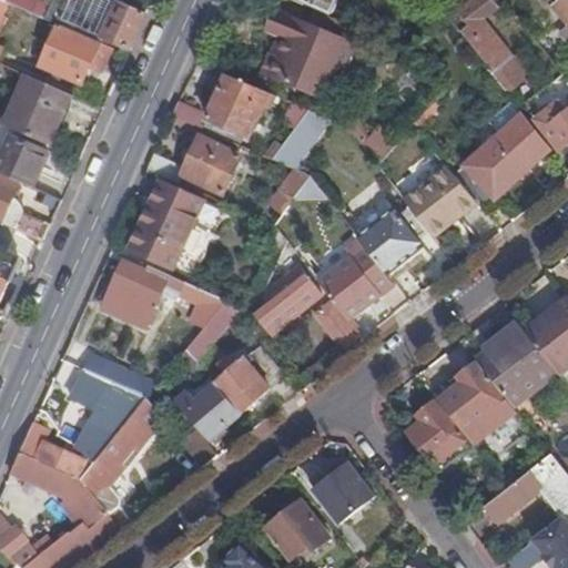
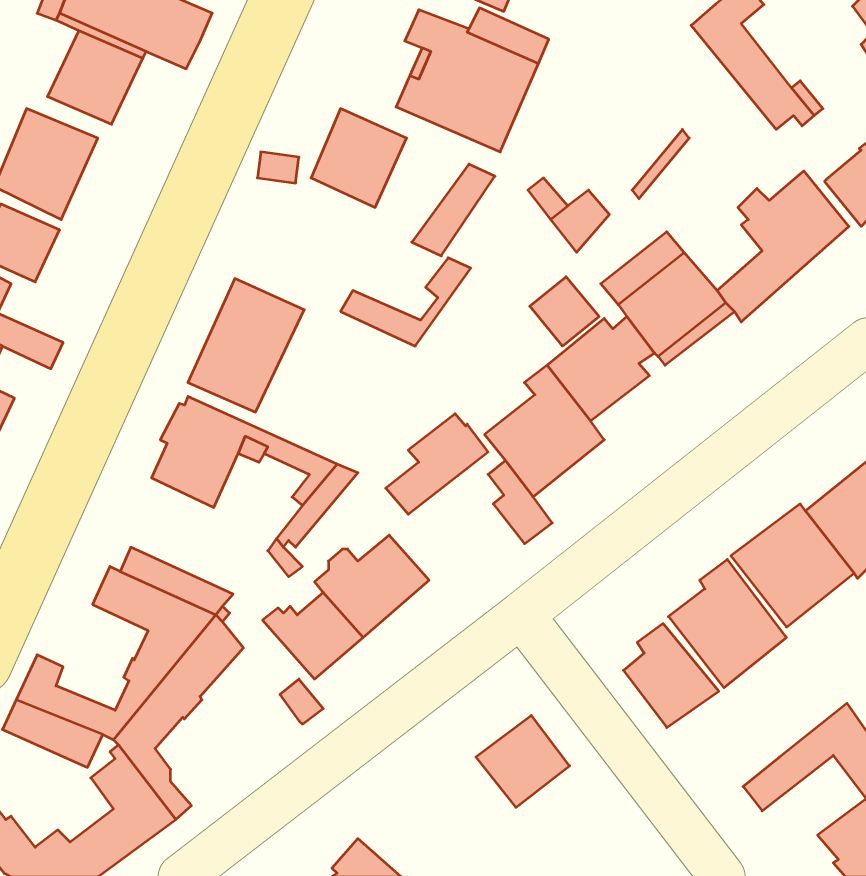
building: [146,136,239,192] -> none
building: [263,499,323,557] -> none

